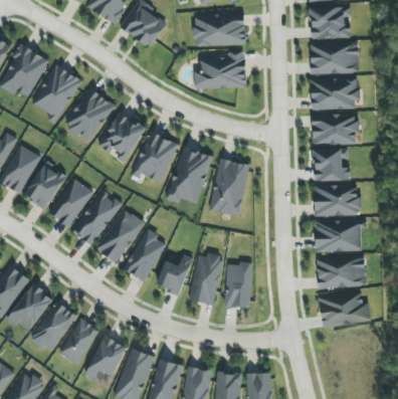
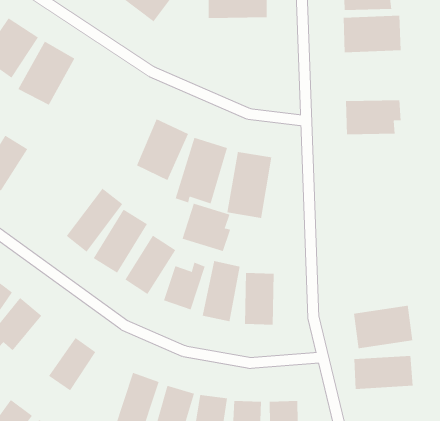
building: [194,51,246,88] -> none
building: [311,77,359,110] -> none
building: [64,88,114,142] -> none
building: [97,112,145,163] -> none
building: [313,149,351,181] -> none
building: [23,163,65,209] -> none
building: [48,178,93,226] -> none
building: [314,184,360,216] -> none
building: none -> [182,203,231,252]
building: [315,222,364,251] -> none
building: [316,259,367,288] -> [354,355,413,389]
building: [30,301,75,353] -> none
building: [85,336,126,380] -> none

